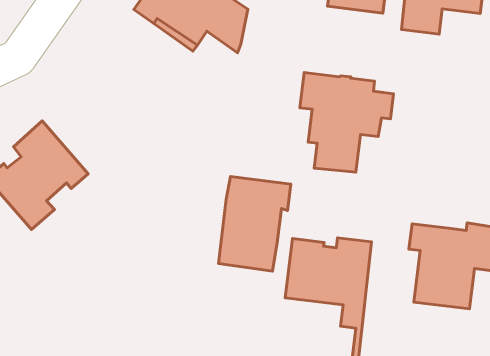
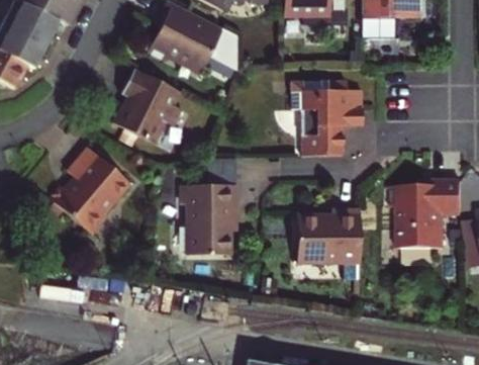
building: none -> [113,68,183,145]
building: [218,177,291,271] -> [186,184,235,255]

